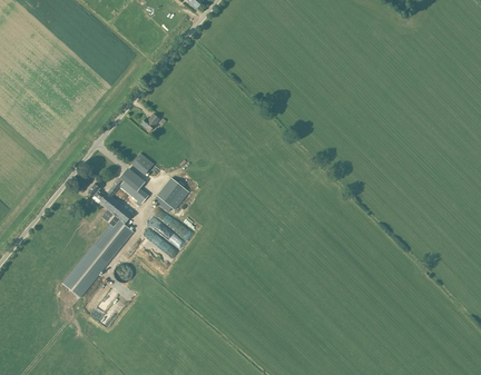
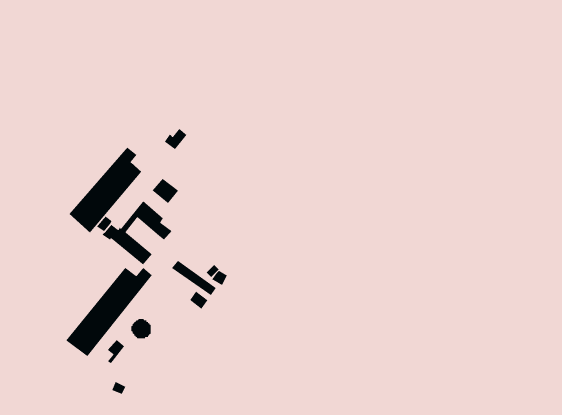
building: none -> [69,146,142,233]
building: [157,178,188,210] -> none

